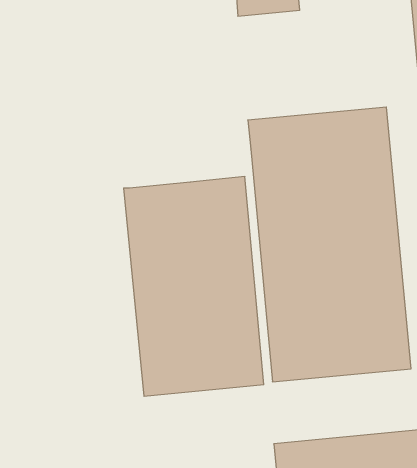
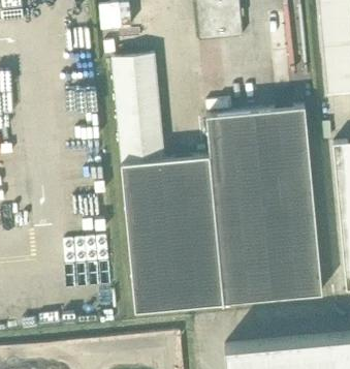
building: none -> [112,56,165,165]

